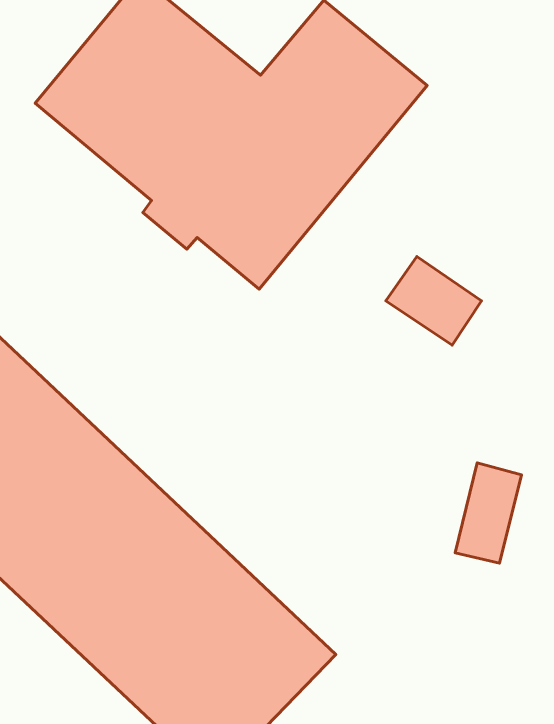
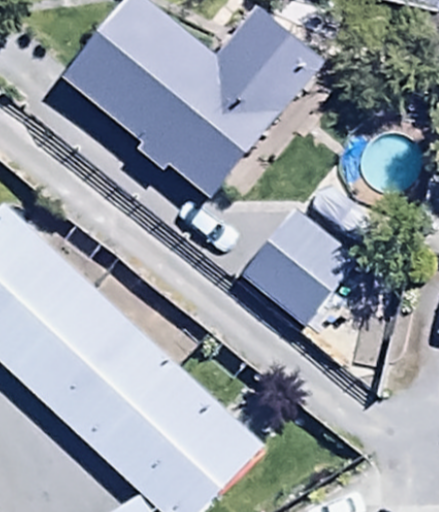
building: none -> [237,207,364,334]

